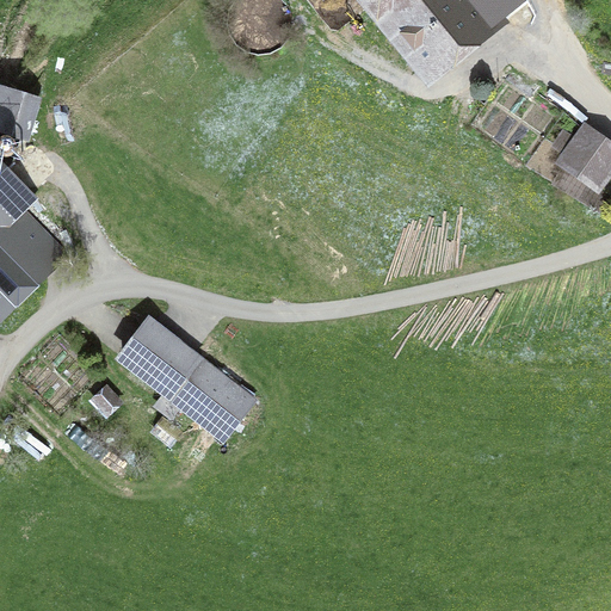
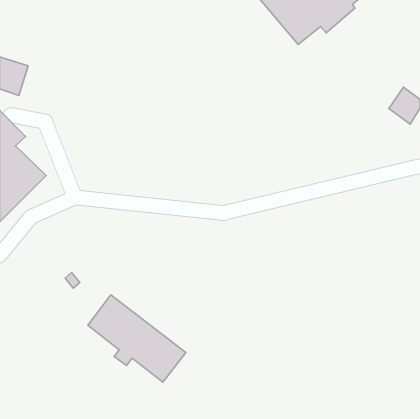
building: [113,315,255,442] -> [88,295,186,382]

